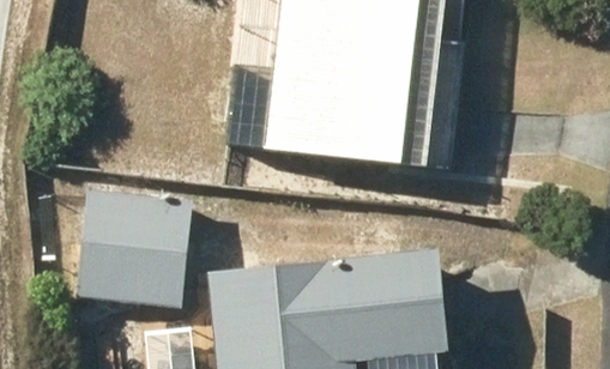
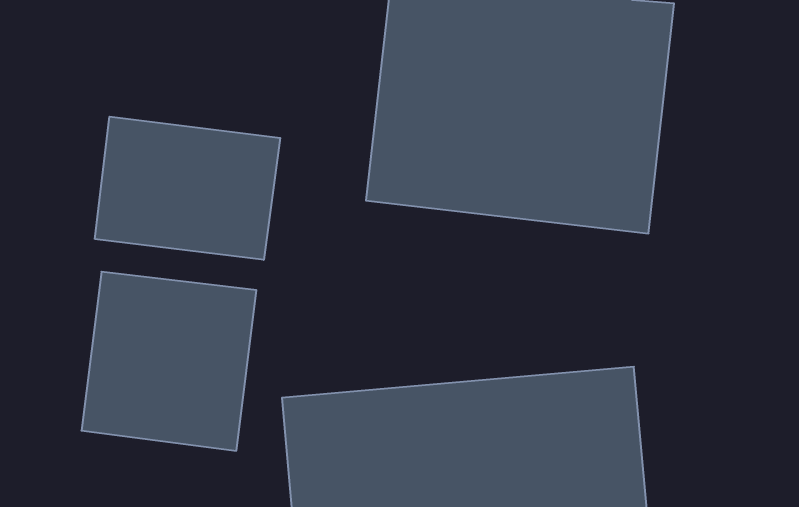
building: none -> [95,117,280,260]

